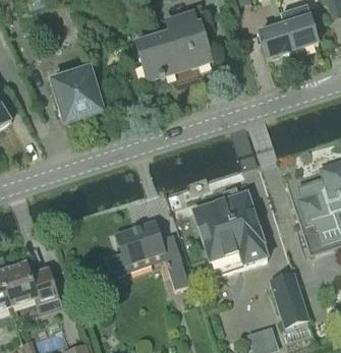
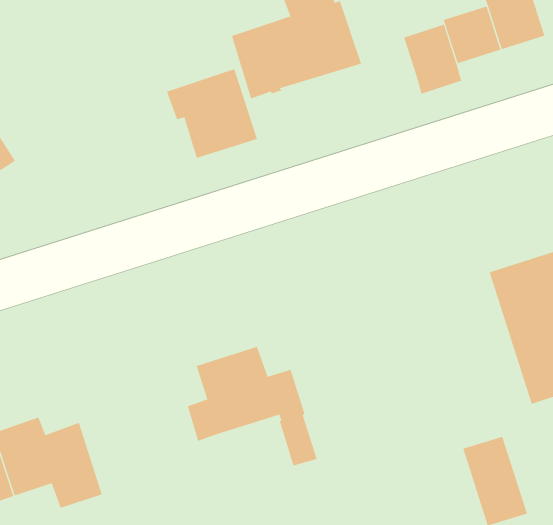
building: none -> [403,24,462,94]
building: [50,69,103,121] -> [166,69,258,159]
building: [193,186,268,274] -> none

